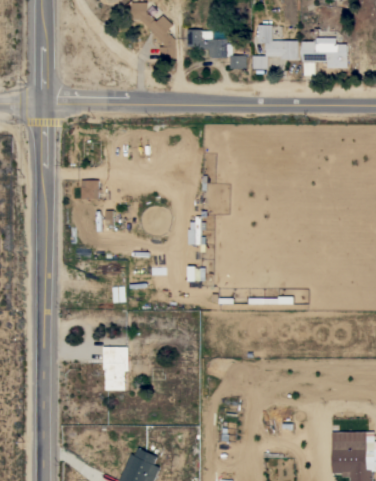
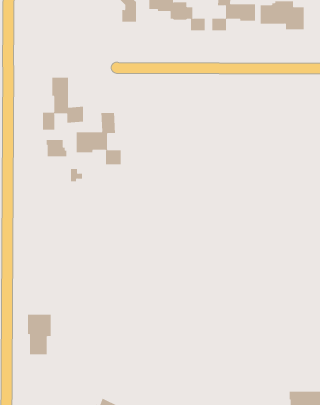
building: none -> [43,77,84,130]
building: none -> [76,112,121,165]
building: [103,347,128,389] -> [27,314,51,355]

